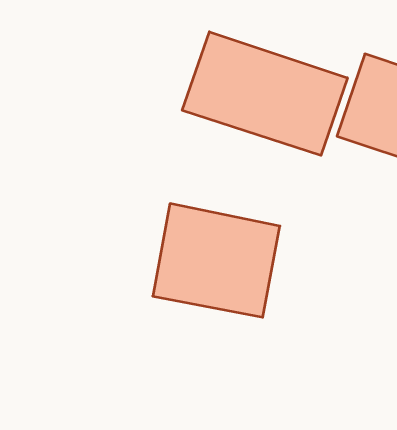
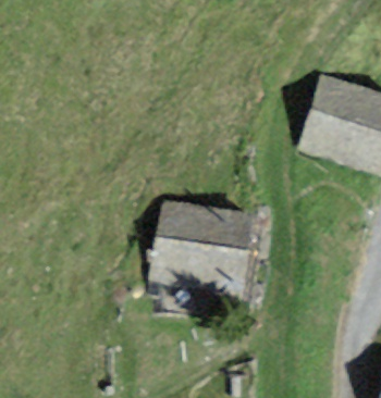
building: [182,32,347,155] -> none

